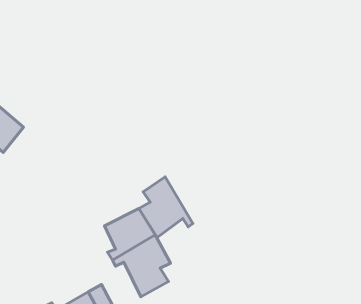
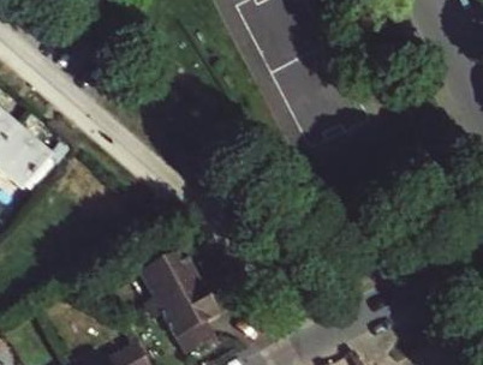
building: [139,177,193,237] -> none

